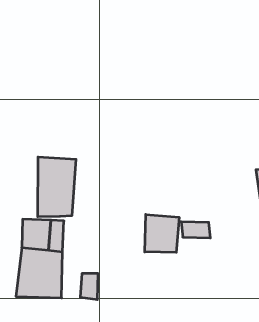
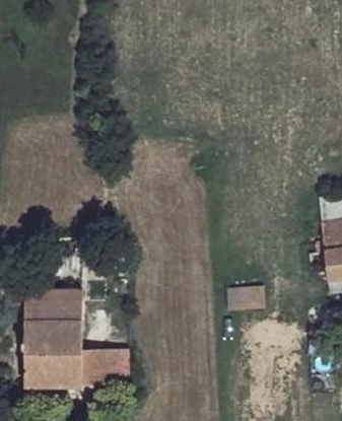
building: [38,157,76,217] -> none
building: [145,214,179,252] -> none

